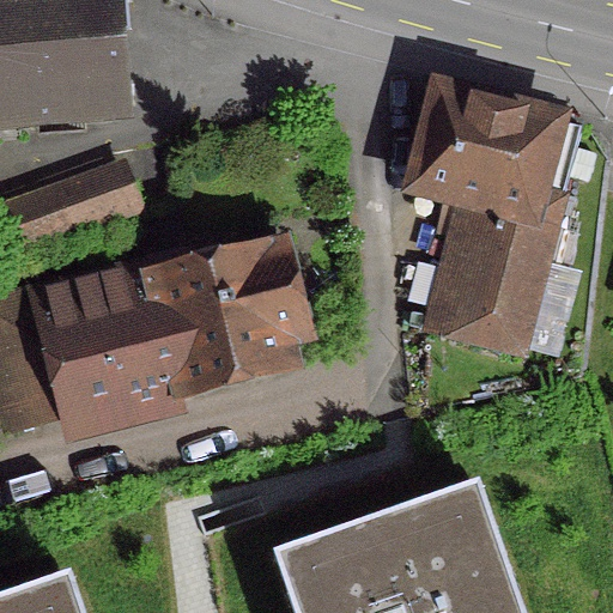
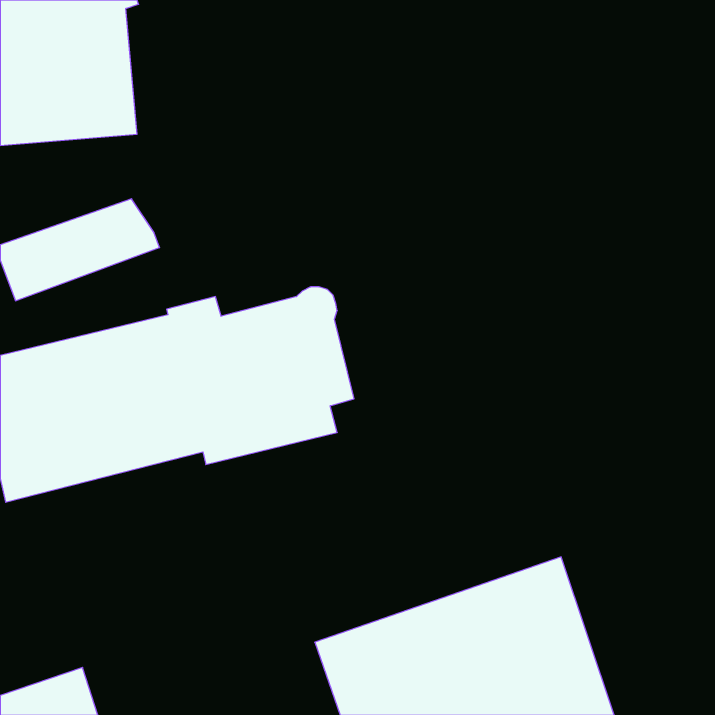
building: [407,92,577,358] -> none

